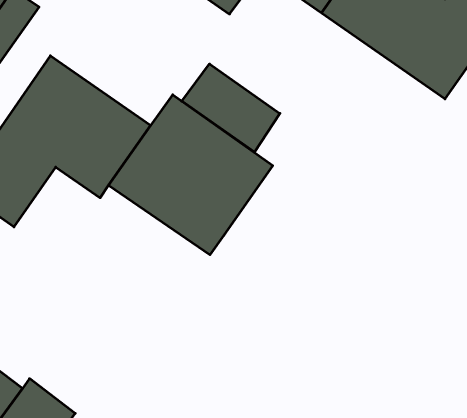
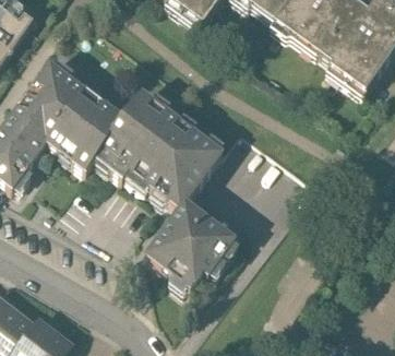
building: [182,64,280,152] -> none
building: none -> [151,202,244,296]

